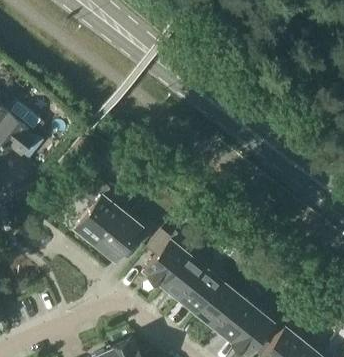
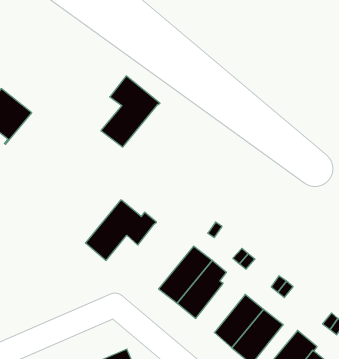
building: [73,179,127,244] -> [101,76,160,147]
building: [142,230,192,286] -> none
building: [194,281,239,326] -> none

